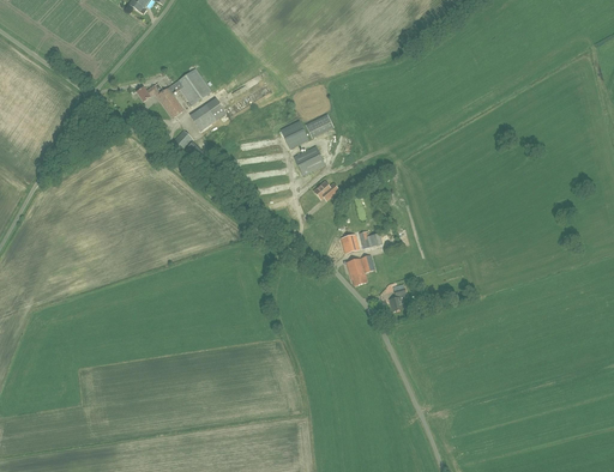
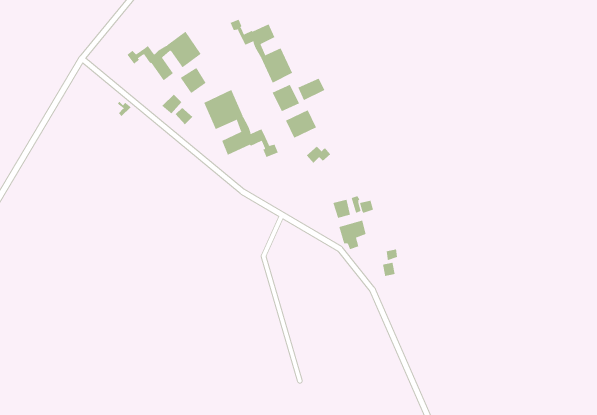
building: none -> [230,19,293,83]
building: none -> [204,89,278,158]

